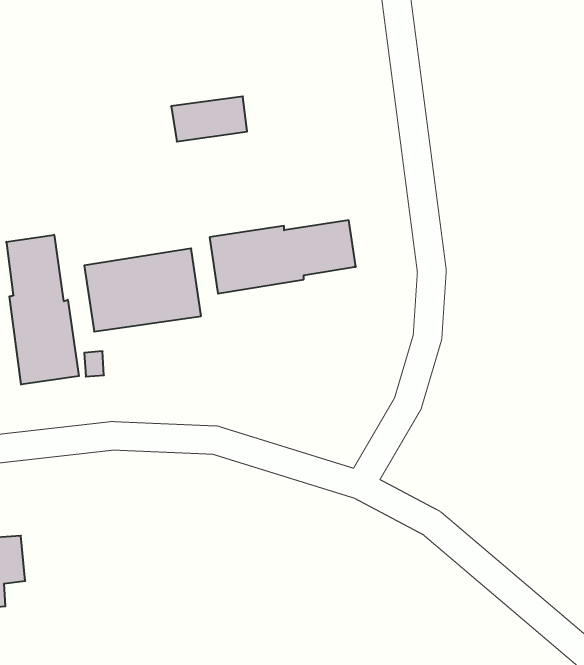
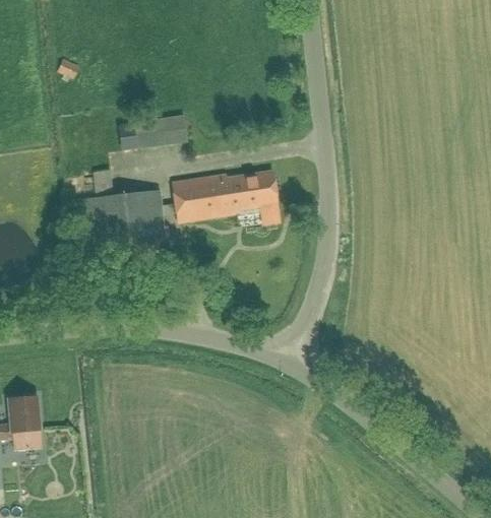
building: [171,96,247,142] -> [132,115,187,147]
building: [6,235,79,385] -> none

